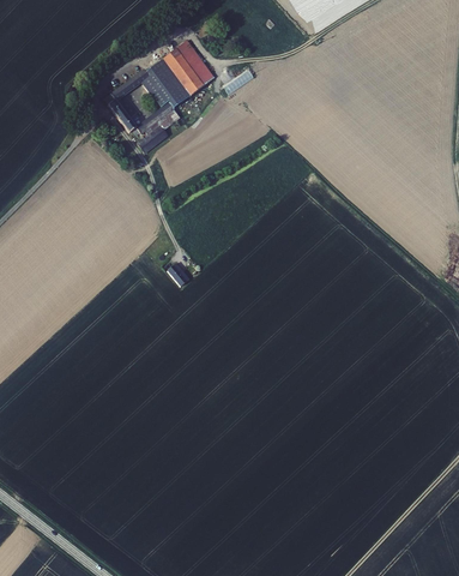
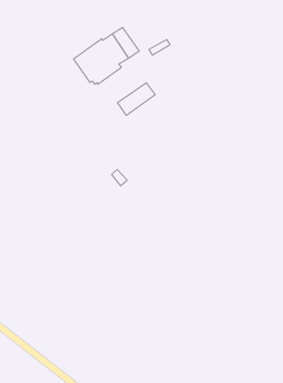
building: none -> [118,83,155,115]

